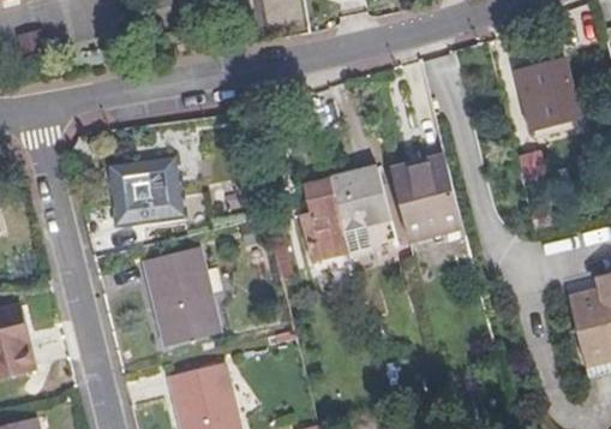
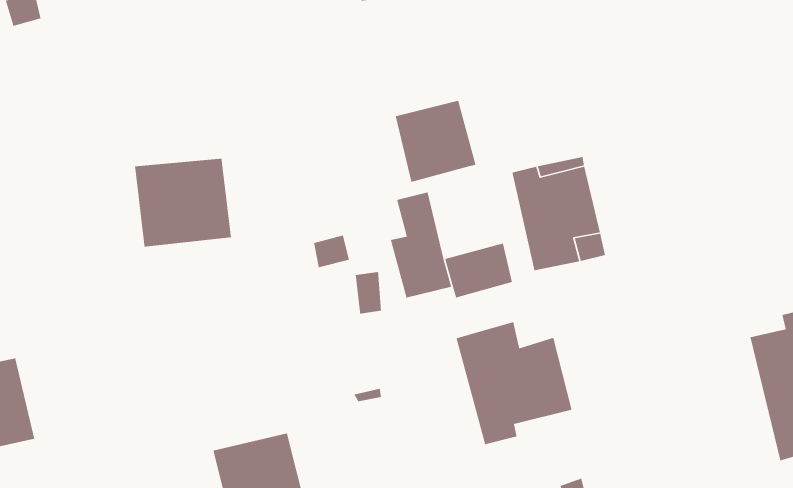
building: [514,59,576,131] -> none
building: [329,168,390,231] -> [395,100,476,183]
building: [142,244,220,345] -> none
building: none -> [455,321,572,445]

